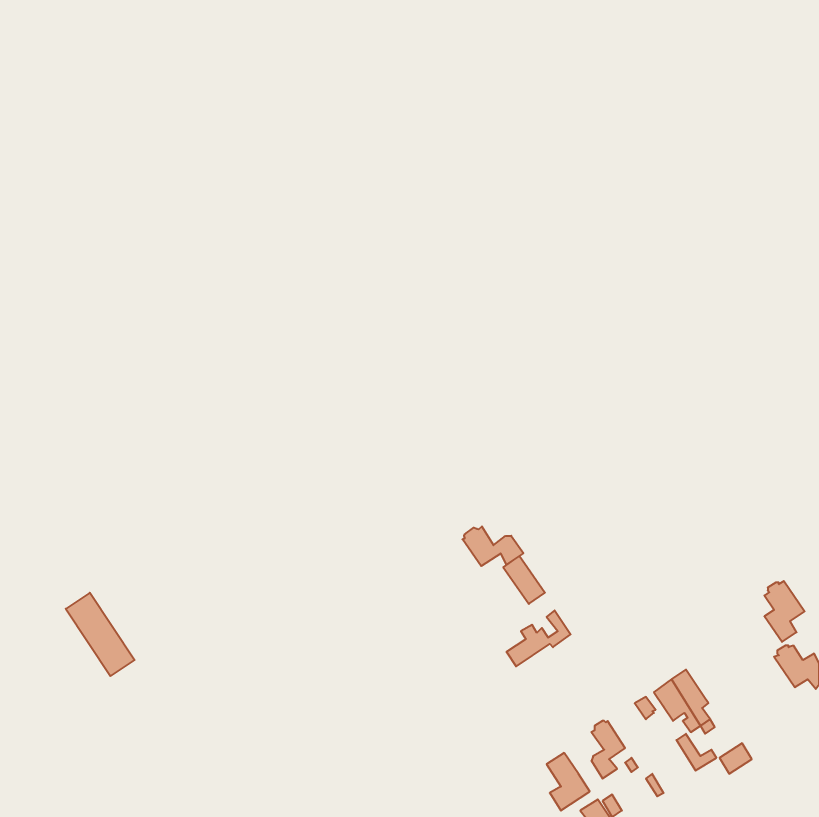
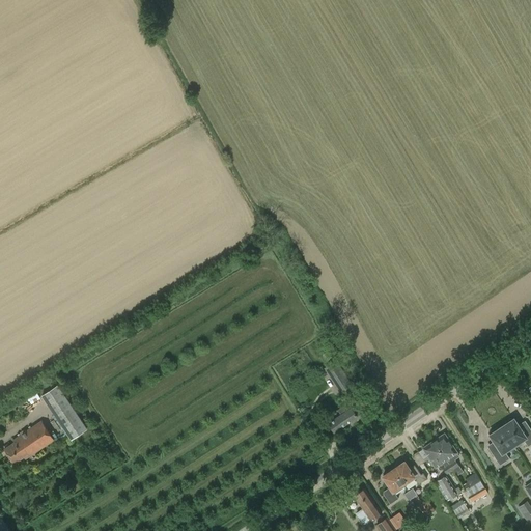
building: [462,526,523,566] -> none
building: [764,581,805,642] -> [488,426,514,466]
building: none -> [4,421,54,463]
building: none -> [393,460,426,485]

